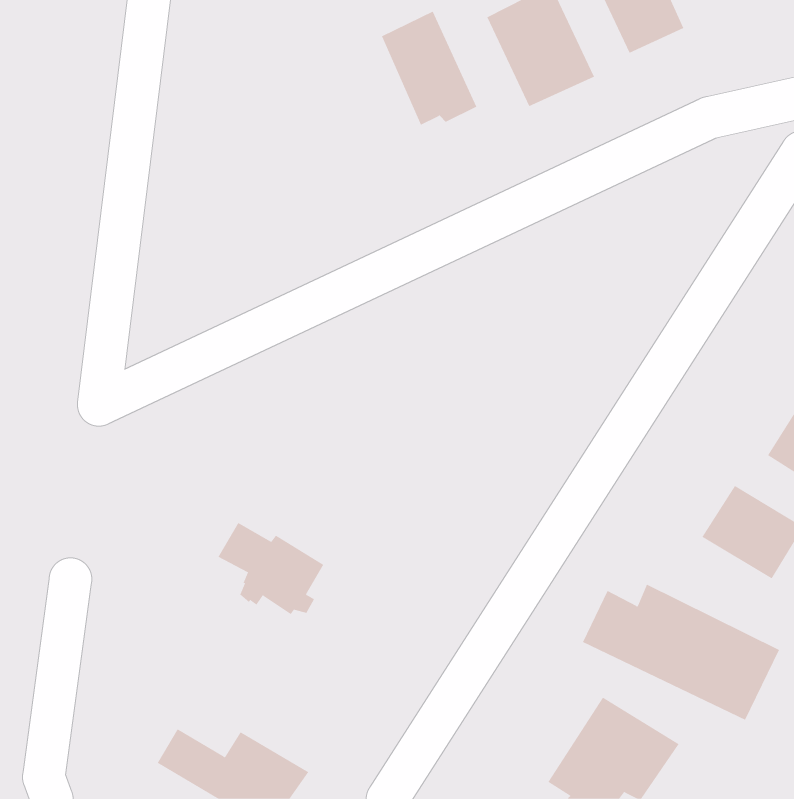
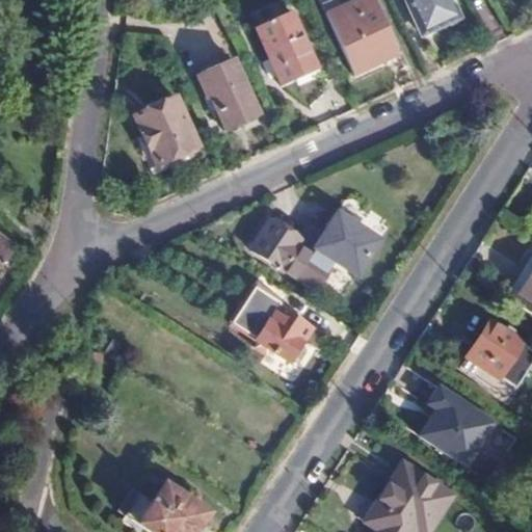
building: none -> [197,56,259,127]
building: none -> [135,92,196,161]
building: none -> [251,212,381,289]
building: [218,522,324,615] -> [243,296,314,357]

